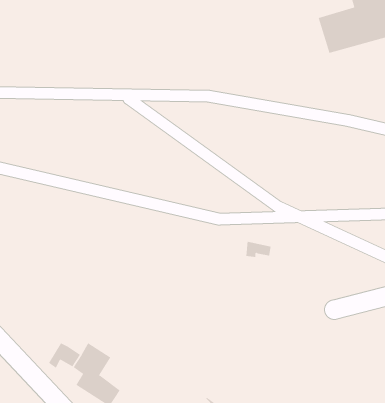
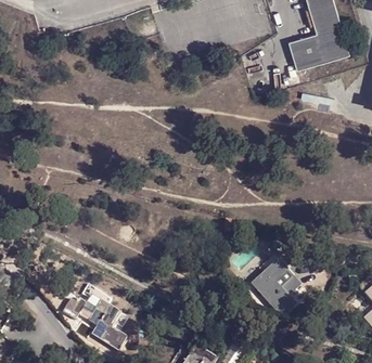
building: none -> [254,259,302,308]

